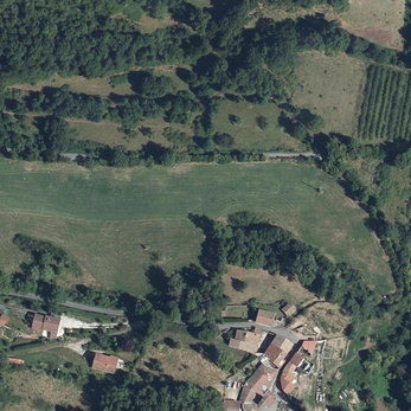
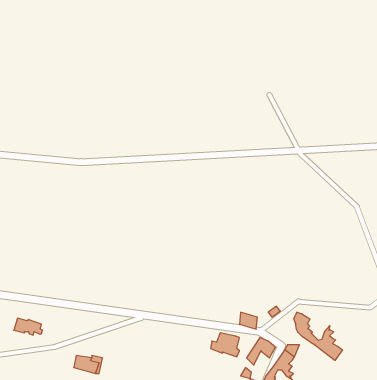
building: none -> [294,312,342,360]

